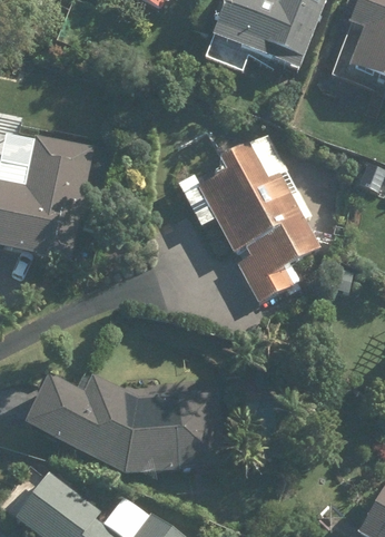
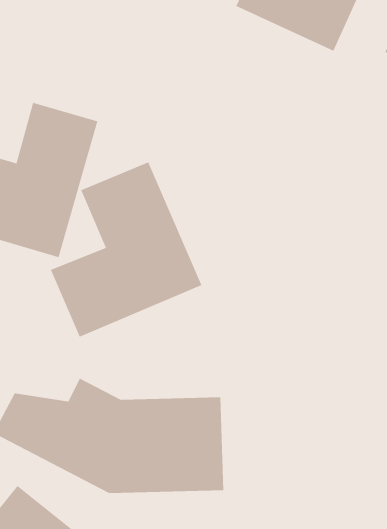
building: [172,134,318,302] -> none
building: none -> [50,161,202,337]

